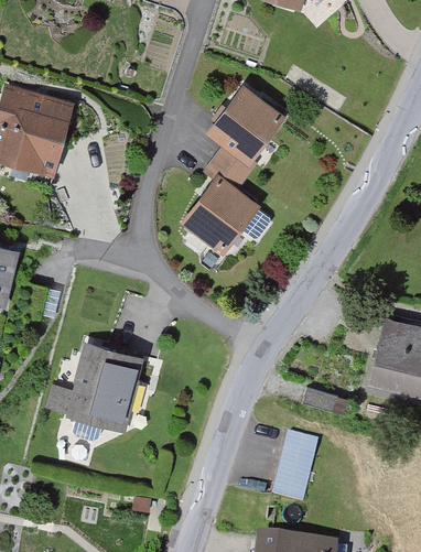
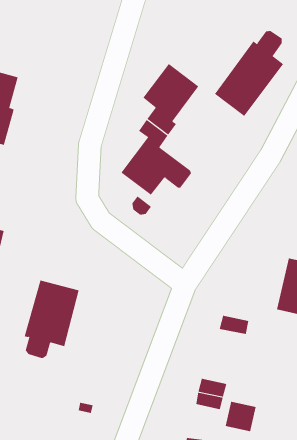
building: none -> [214,30,284,117]
building: [282,433,320,469] -> [225,401,256,432]

